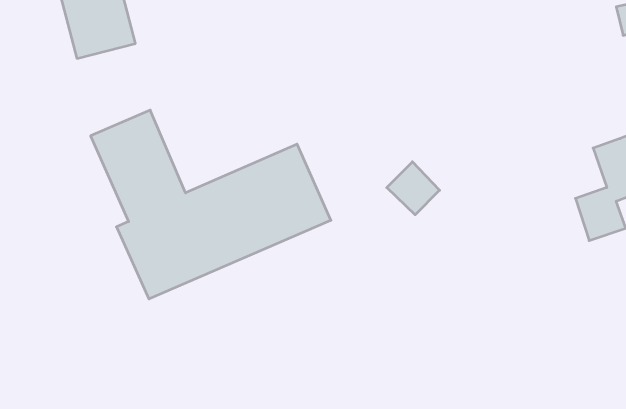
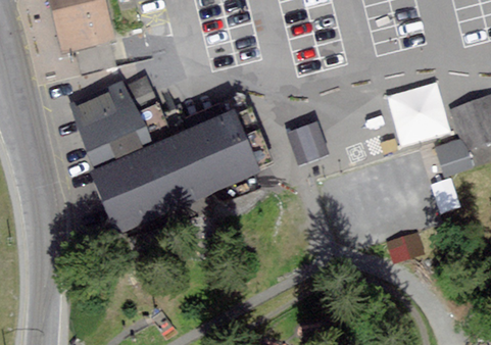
building: none -> [387,82,450,146]

